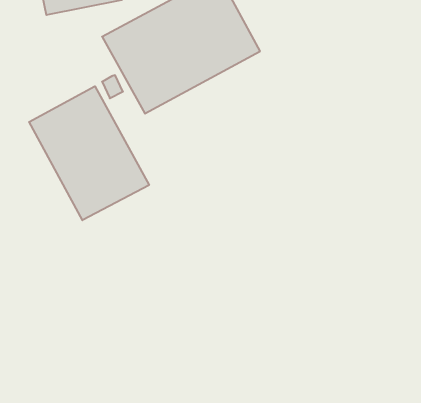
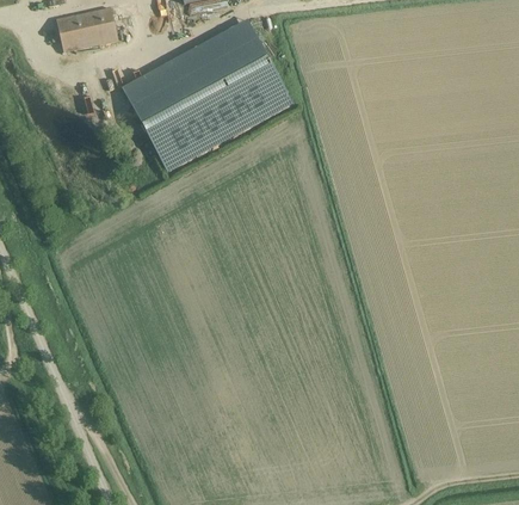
building: [29,86,149,220] -> none

